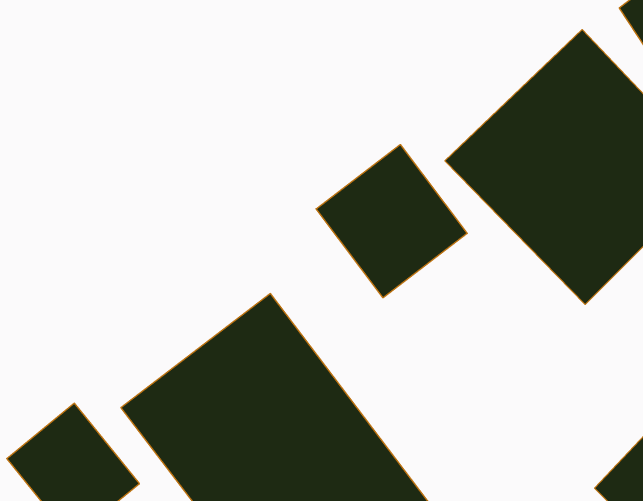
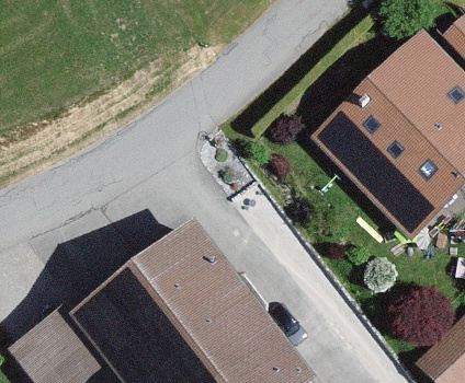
building: [316,145,467,298] -> none

